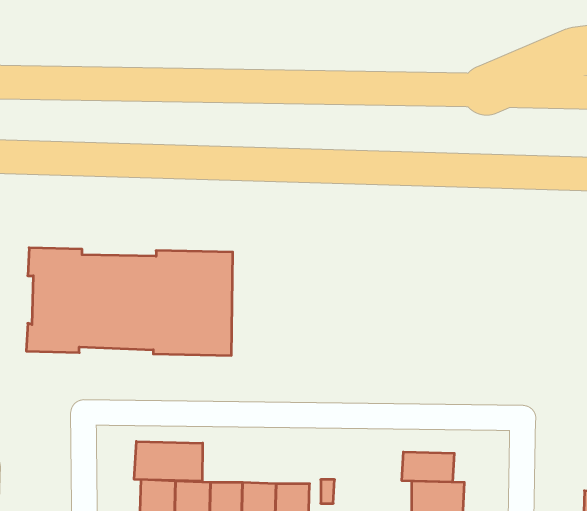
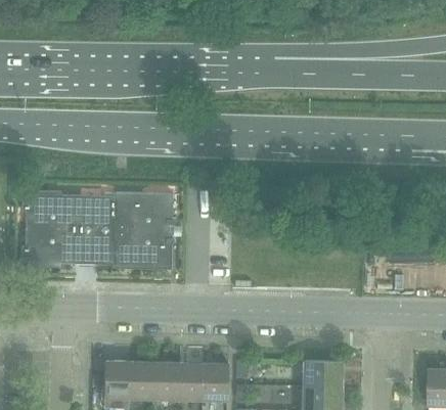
building: [134,441,203,481] -> none
building: [402,452,454,482] -> none

